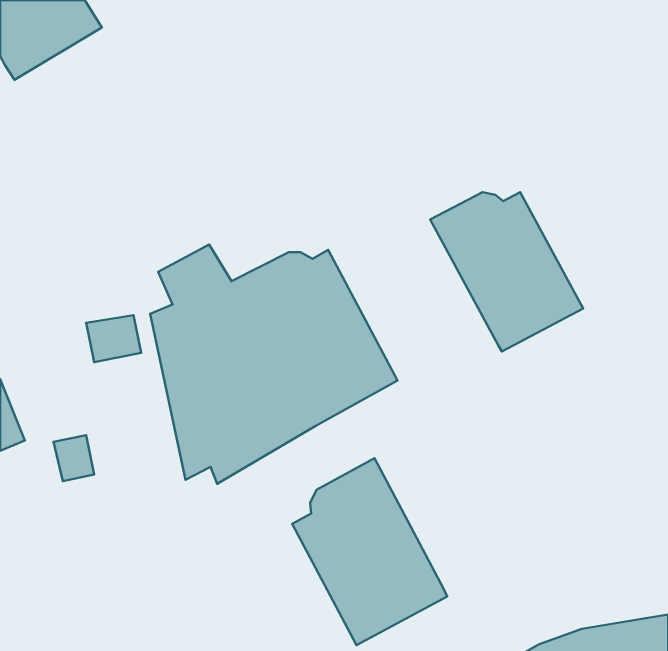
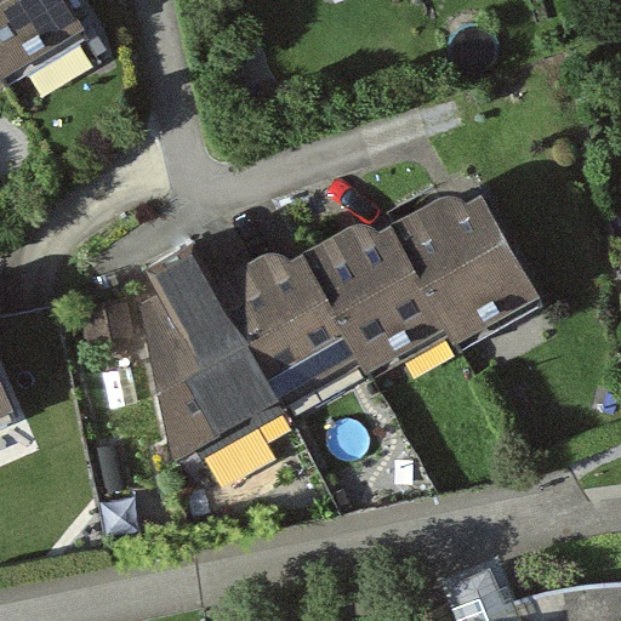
building: none -> [304,220,462,382]
building: [292,458,447,645] -> none

